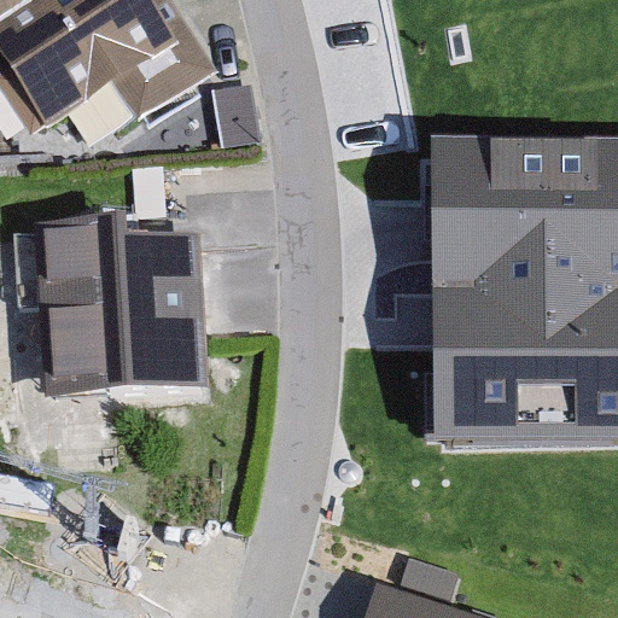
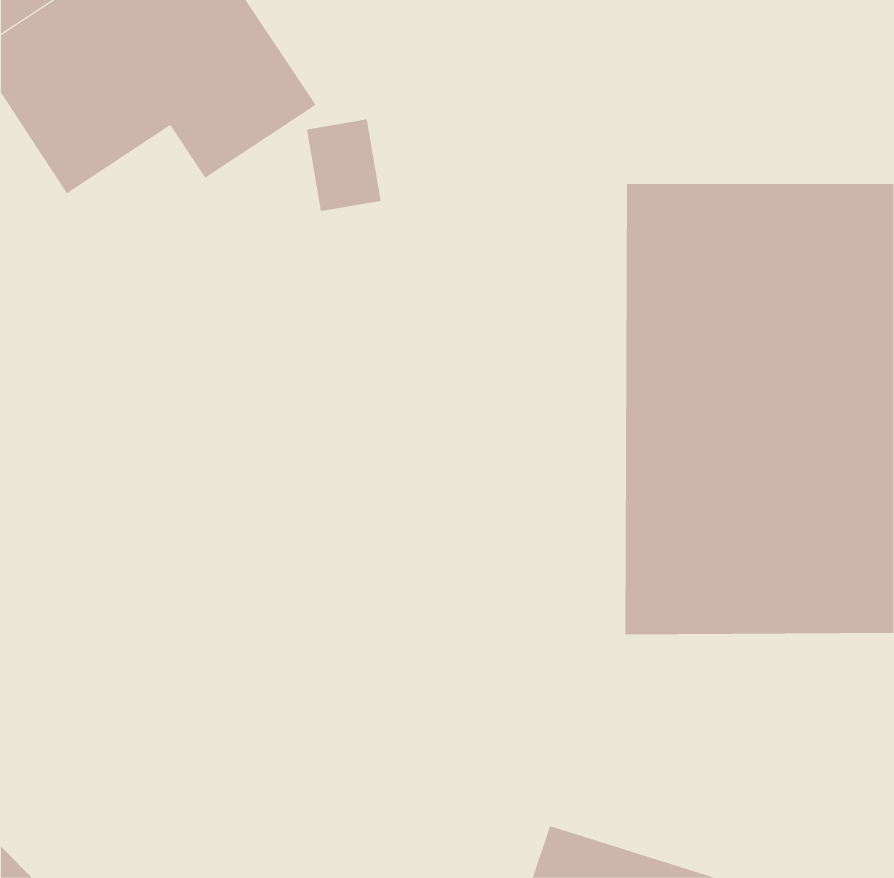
building: [17,223,210,407] -> none

